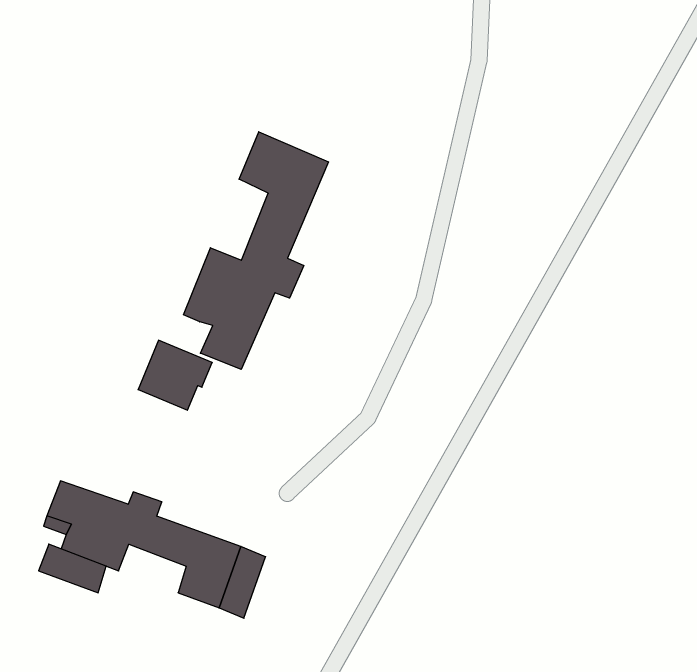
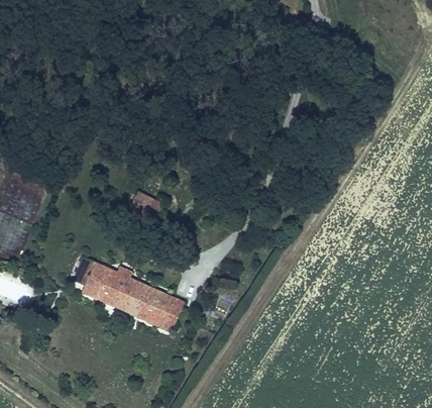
building: [184,132,329,369] -> none
building: [39,544,106,593] -> [109,291,143,317]

